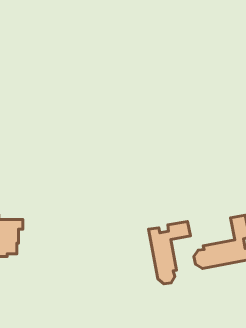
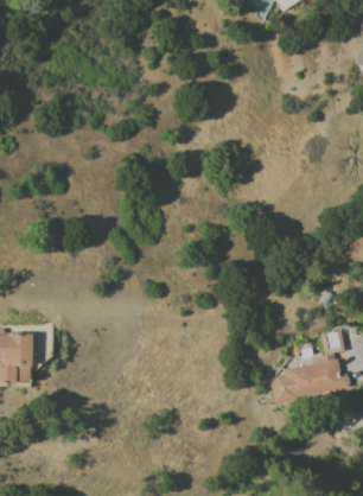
building: [149,221,191,284] -> none

